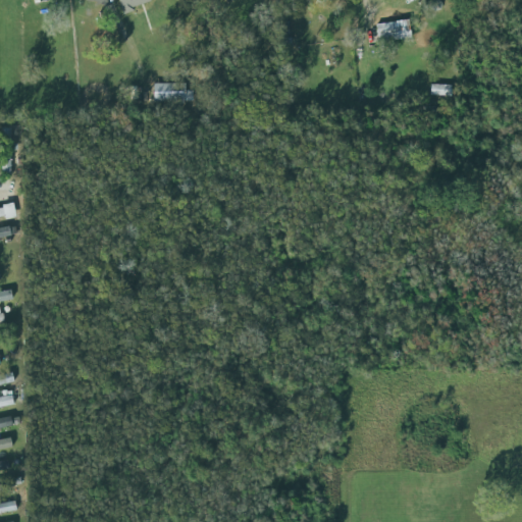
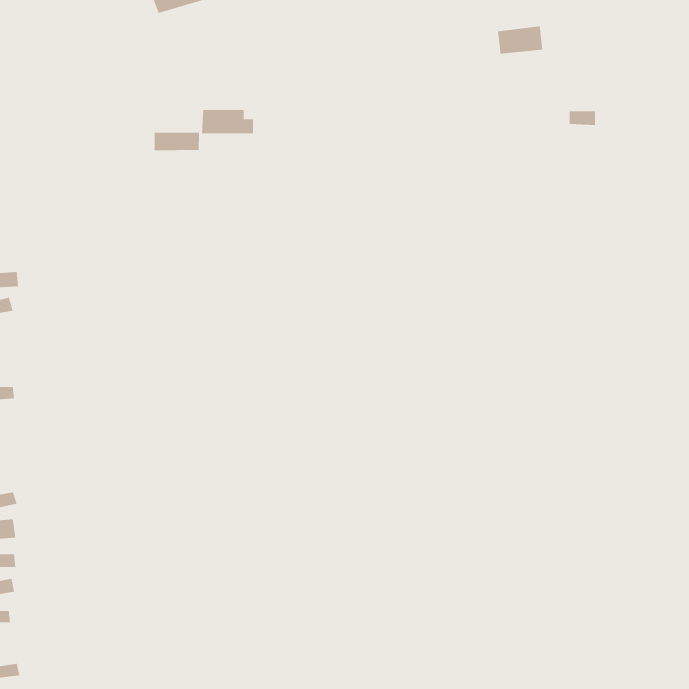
building: none -> [154,132,199,151]

